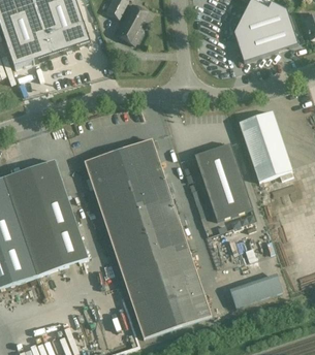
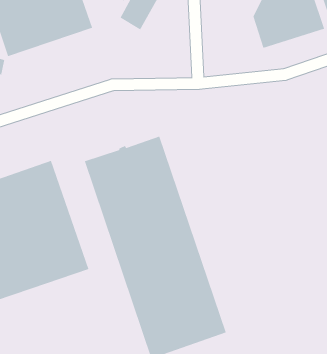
building: [240,111,292,183] -> none
building: [194,143,253,221] -> none
building: [230,273,283,308] -> none

